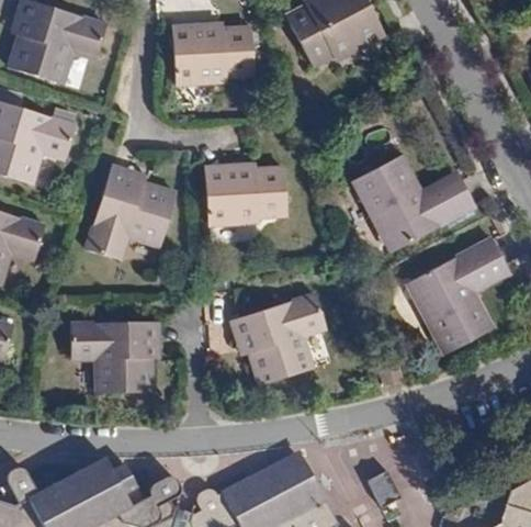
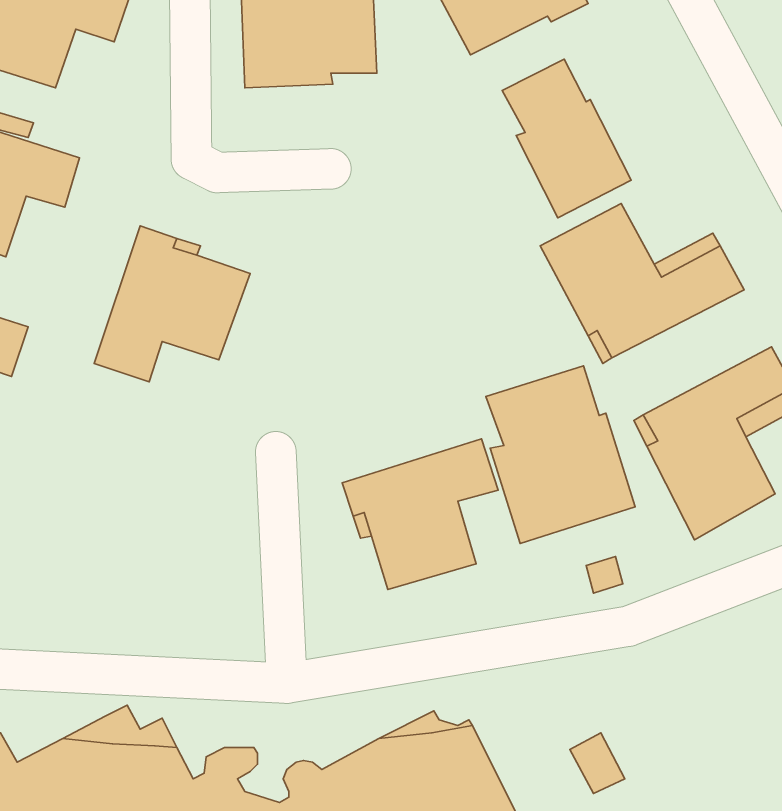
building: none -> [502,59,631,218]
building: [204,166,286,224] -> none
building: none -> [486,366,635,544]
building: [71,322,159,394] -> none

